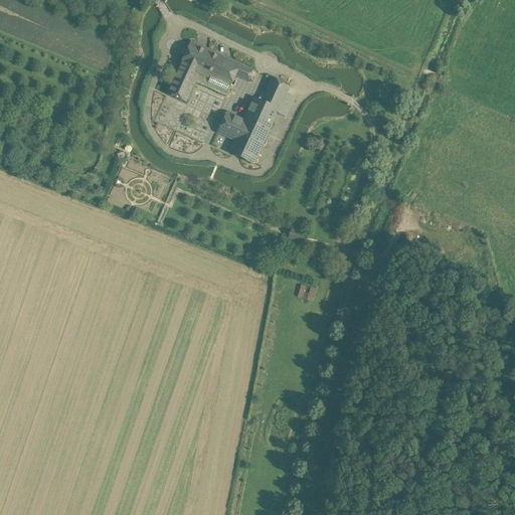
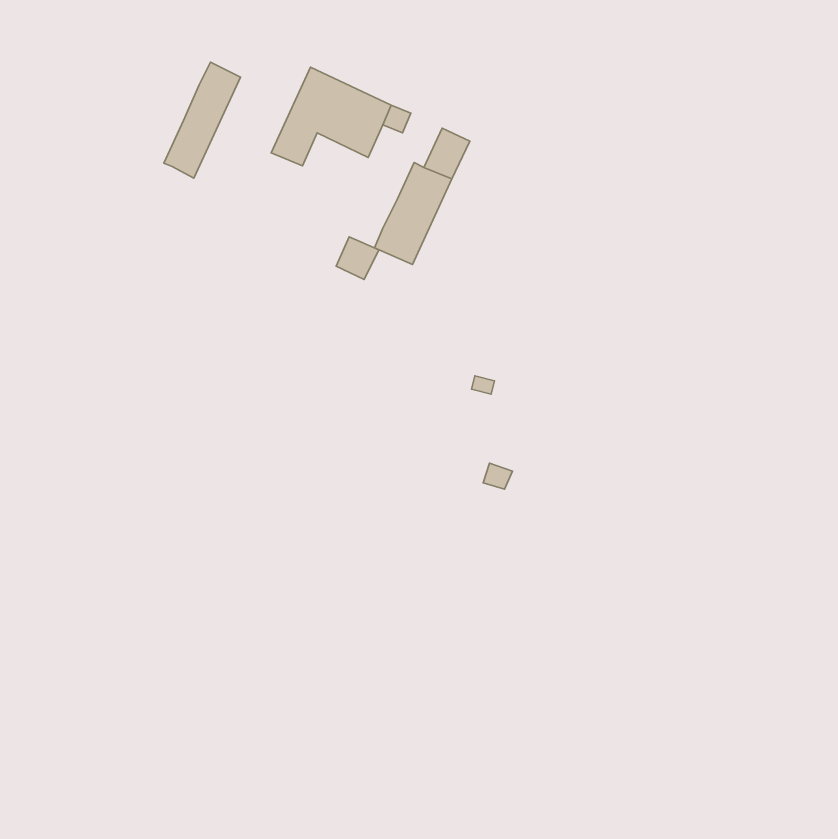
building: none -> [164,62,241,178]
building: [217,114,243,140] -> [336,237,379,279]

